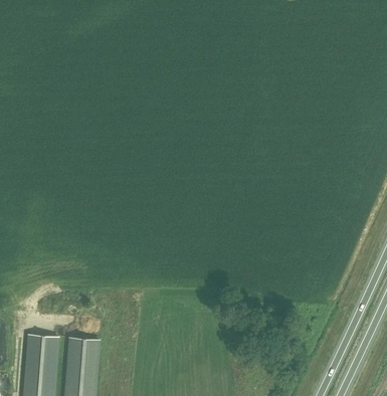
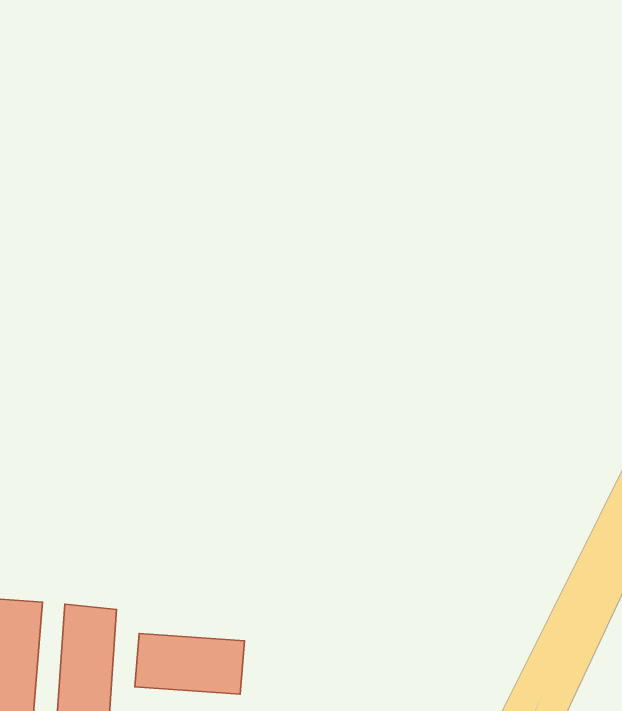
building: none -> [135,634,244,694]

